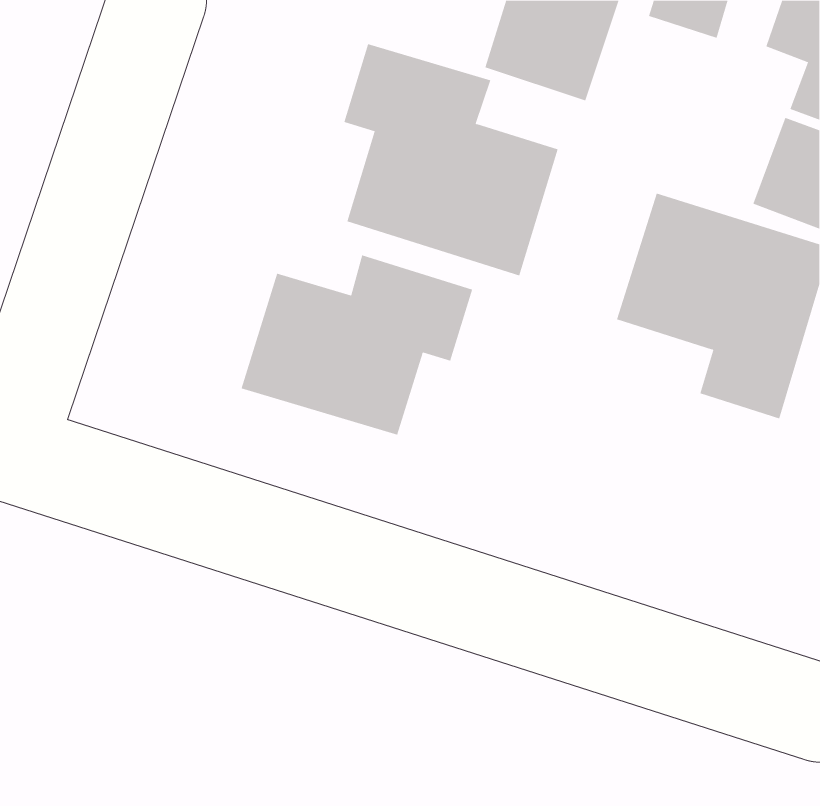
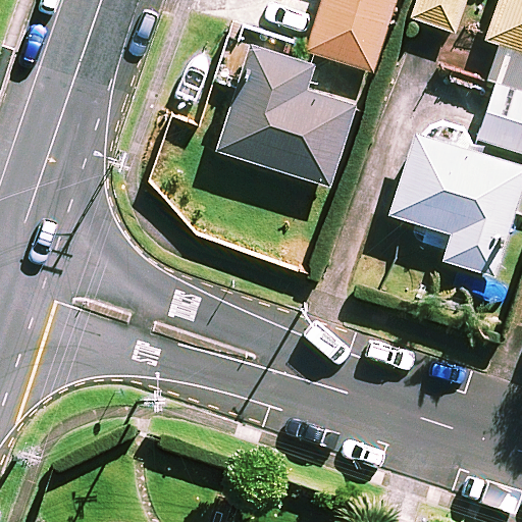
building: [241,254,473,436] -> none

